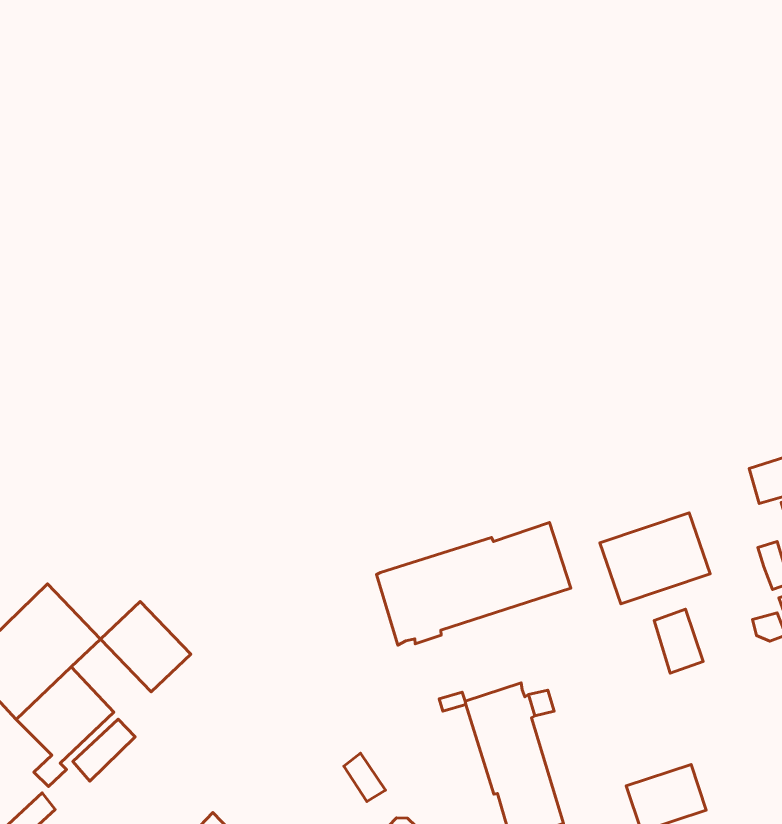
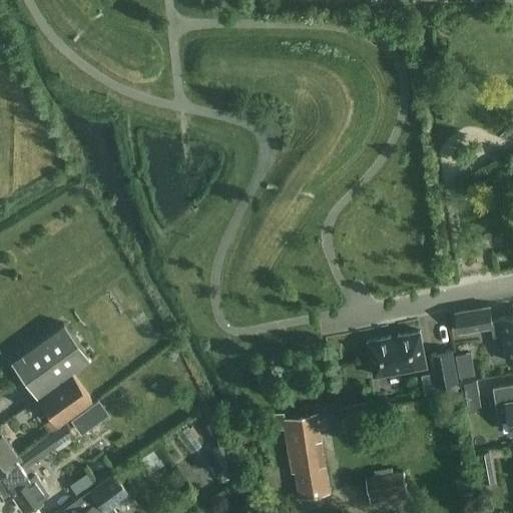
building: [377,522,571,645] -> none
building: [101,602,191,692] -> none
building: [654,609,703,673] -> [433,354,457,388]

